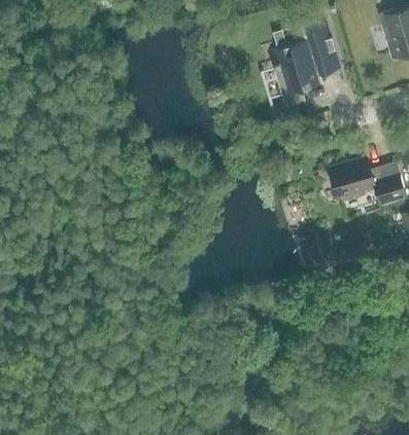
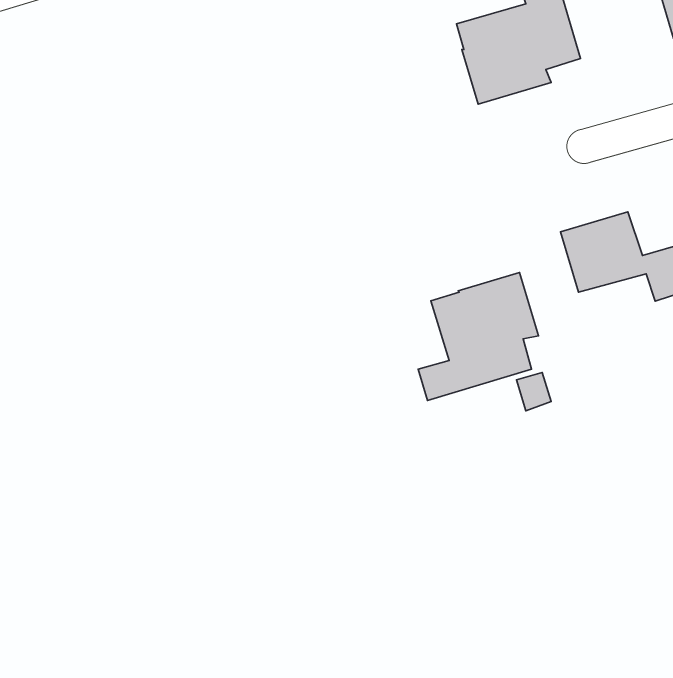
building: none -> [418,273,538,401]

